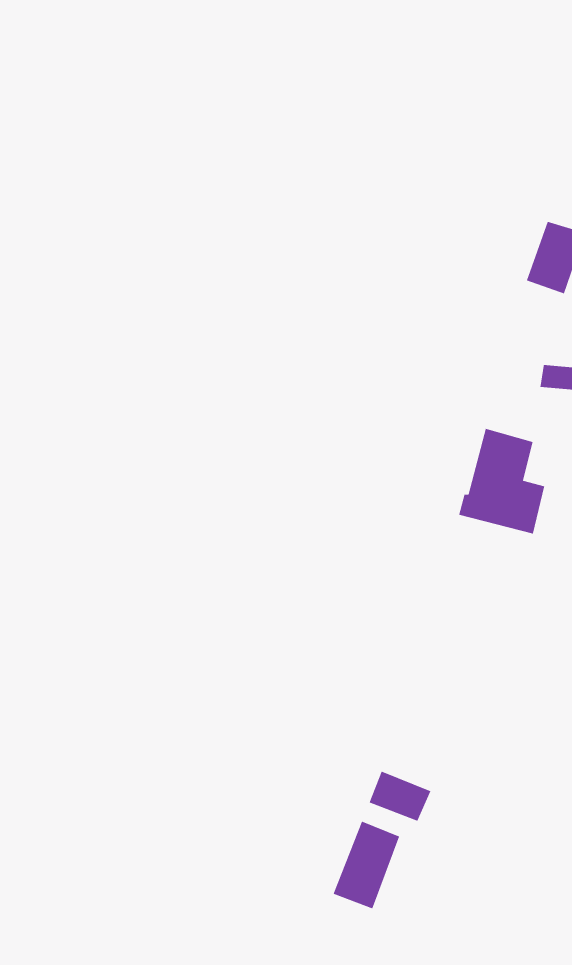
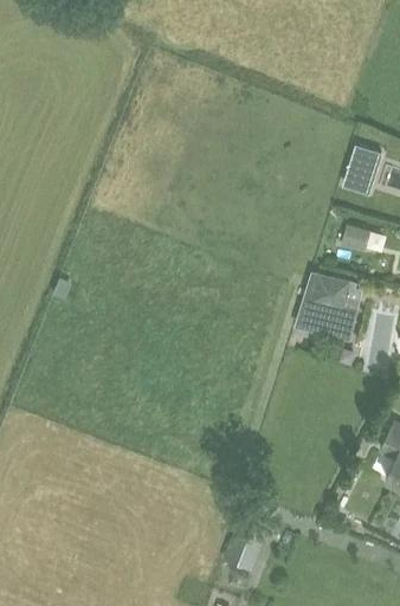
building: [368,771,432,822] -> none

